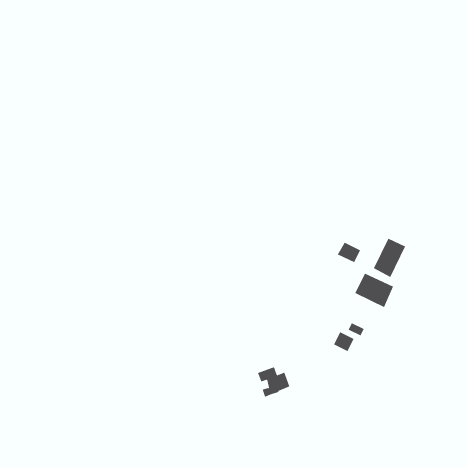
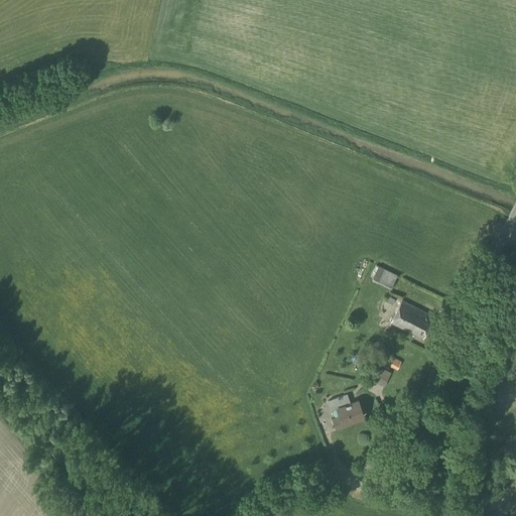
building: [373,238,406,278] -> none
building: [257,366,290,398] -> [329,394,365,428]

